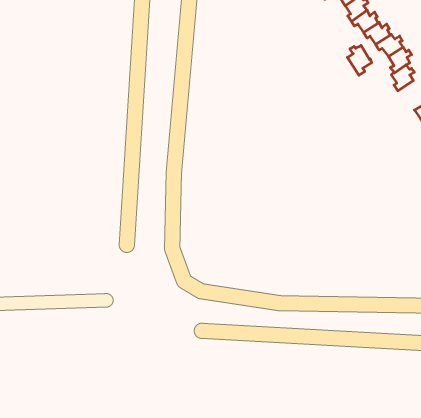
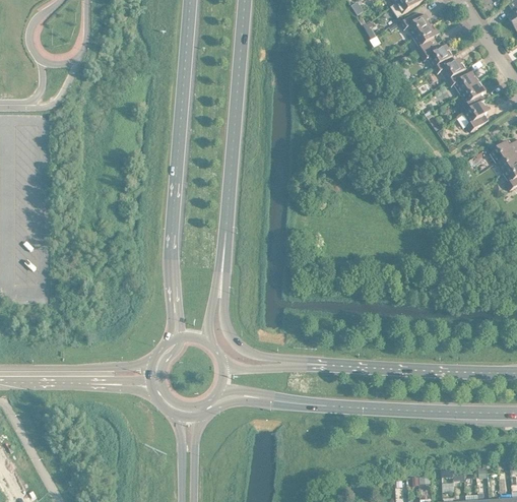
building: [347,45,372,75] -> none

